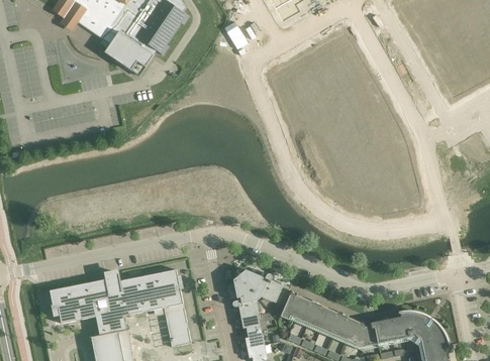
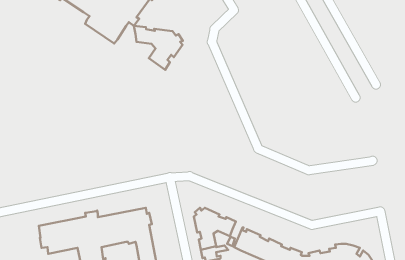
building: none -> [134,26,183,70]

